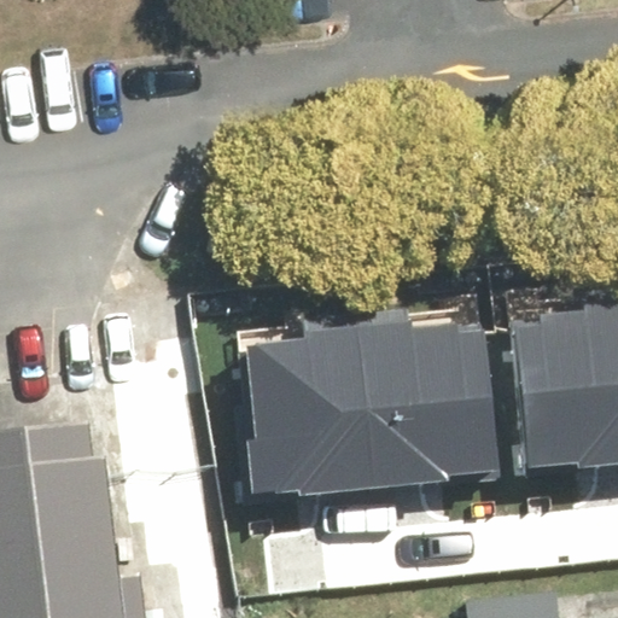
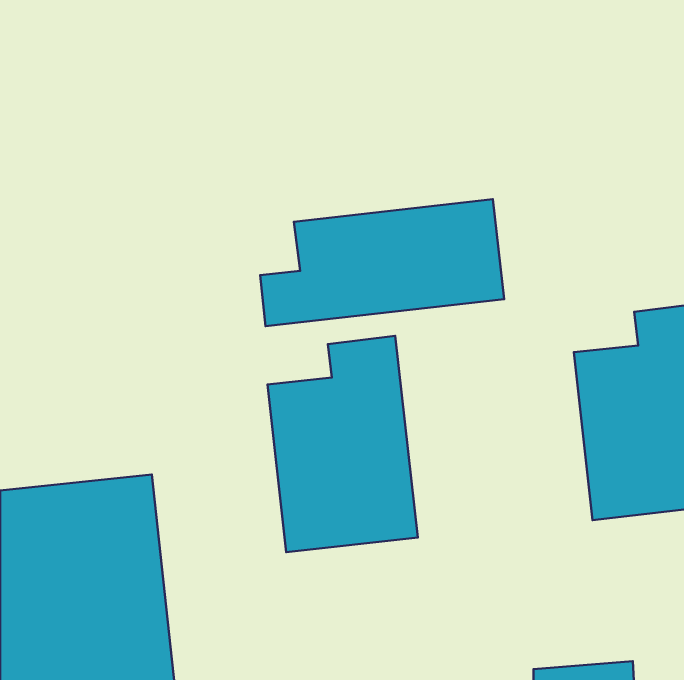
building: none -> [260,199,504,326]
building: [357,301,496,489] -> none

